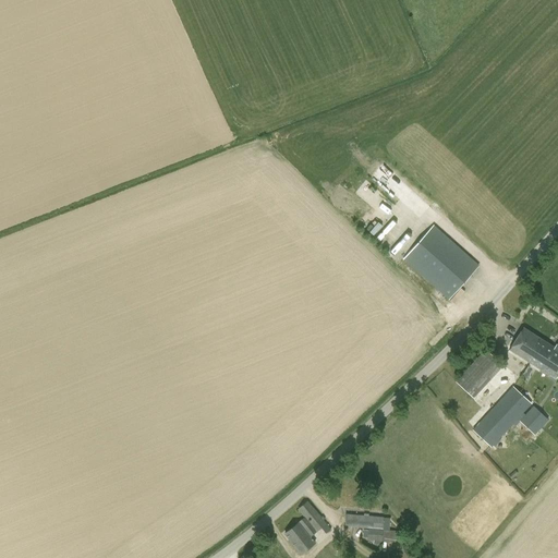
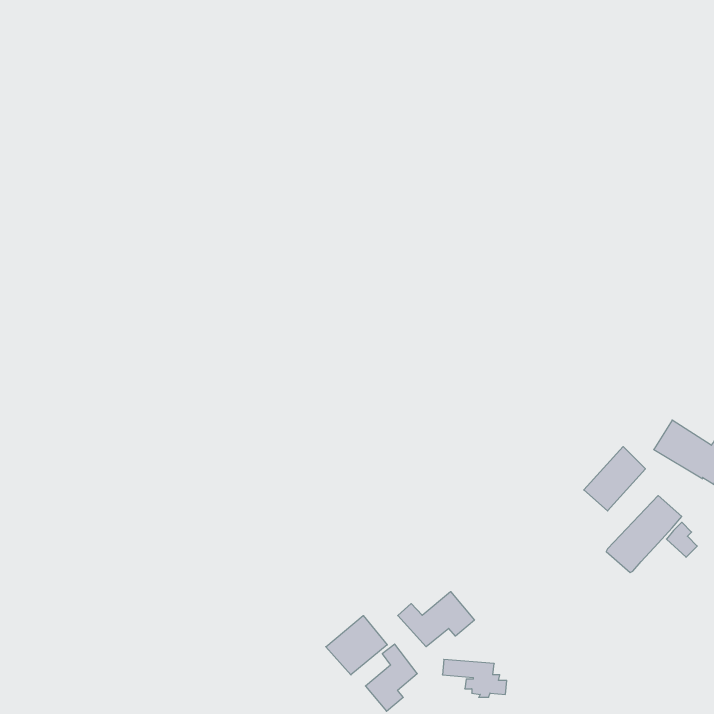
building: [403,223,480,300] -> none
building: none -> [398,592,474,647]
building: none -> [326,616,387,675]

